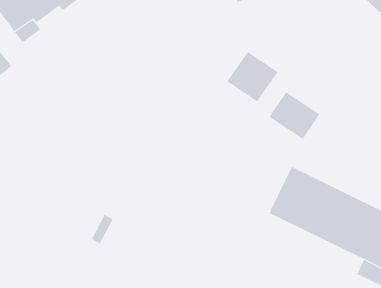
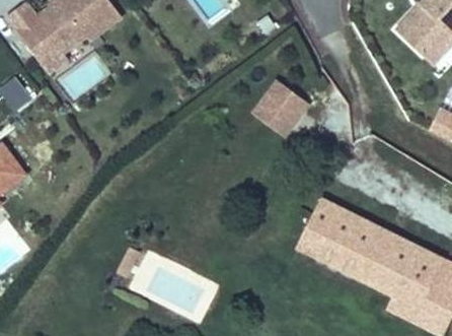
building: [269,91,320,140] -> none

